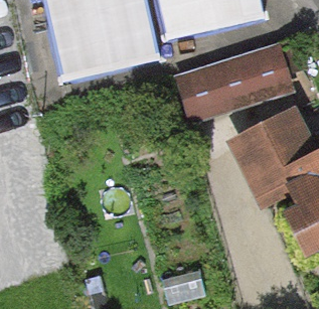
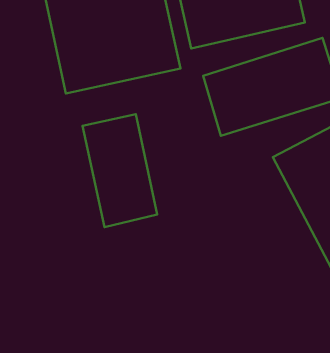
building: none -> [82,114,157,227]

